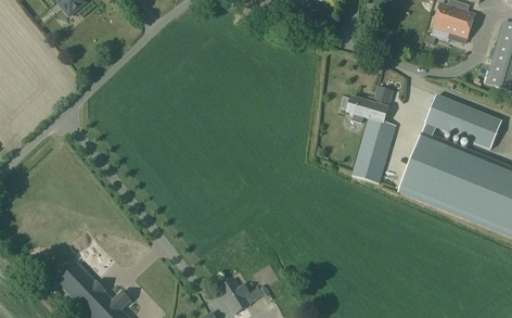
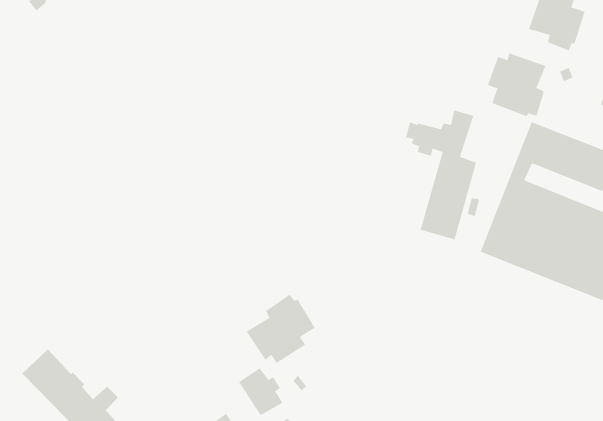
building: none -> [487,52,546,117]
building: none -> [246,294,315,364]

